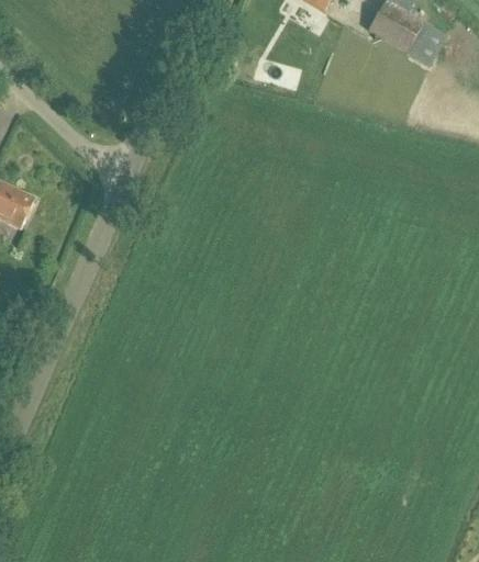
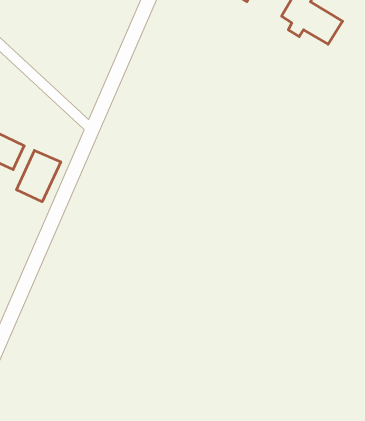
building: none -> [17,150,61,202]

